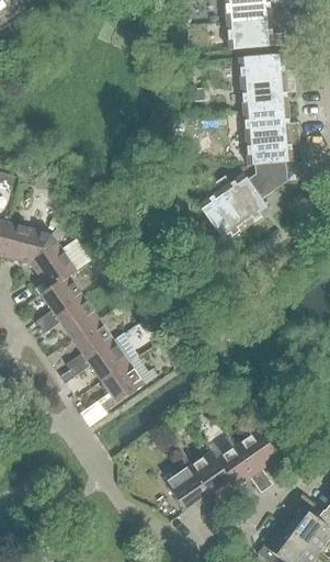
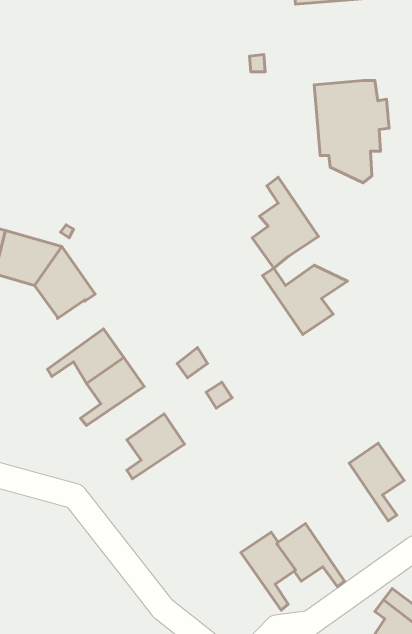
building: [239,53,296,110] -> none
building: [216,172,281,225] -> [262,265,347,334]
building: [36,273,83,326] -> none
building: [70,339,129,380] -> none
building: [237,428,278,487] -> [349,443,404,521]
building: [166,465,218,514] -> none

